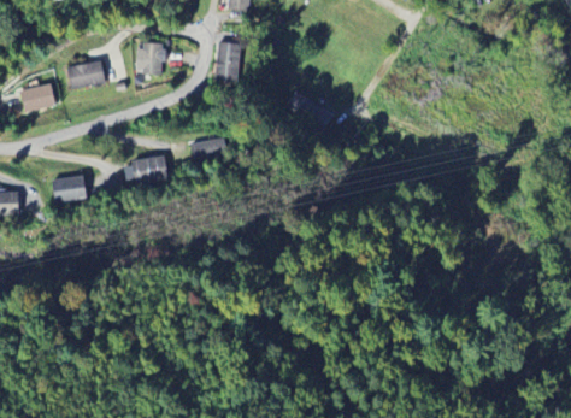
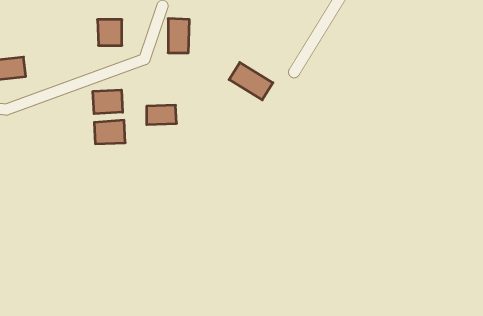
building: [67,60,107,89] -> none
building: none -> [93,90,123,114]
building: [53,177,87,201] -> none

